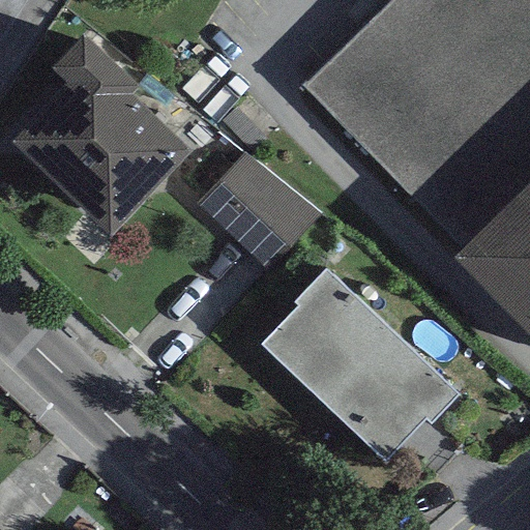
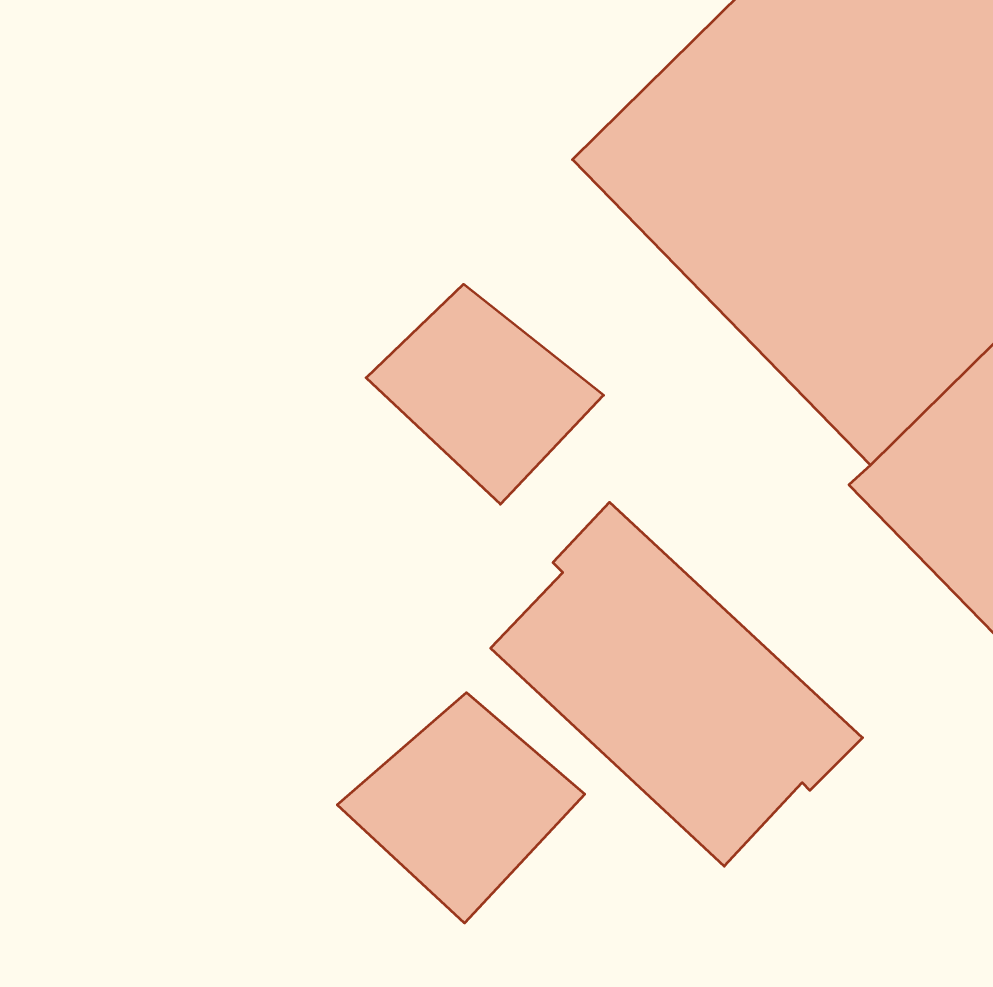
building: [11,34,192,236] -> none
building: none -> [337,693,585,923]

